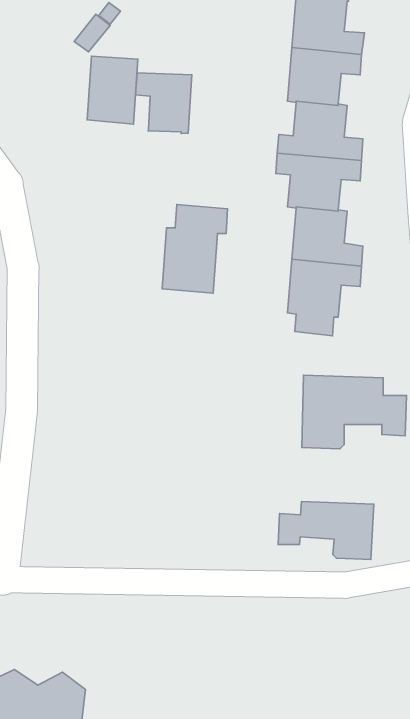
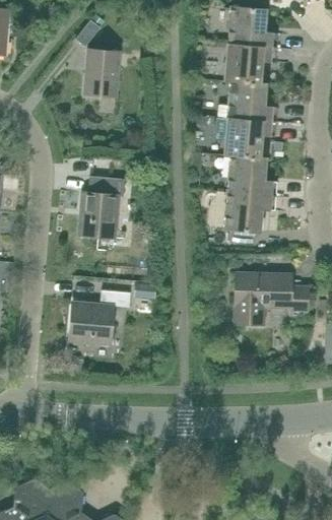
building: [136,73,192,133] -> none
building: [162,205,228,293] -> [79,176,125,238]
building: none -> [69,290,130,345]
building: [278,501,374,559] -> none

